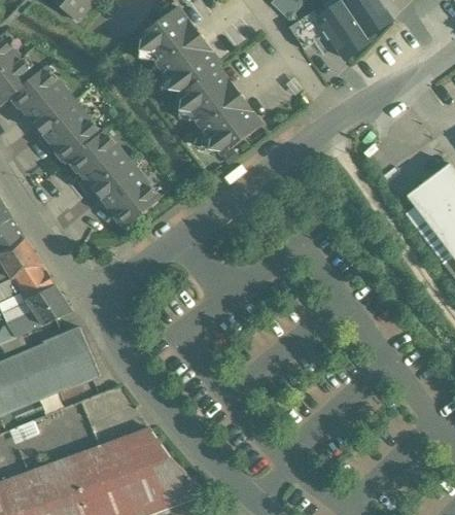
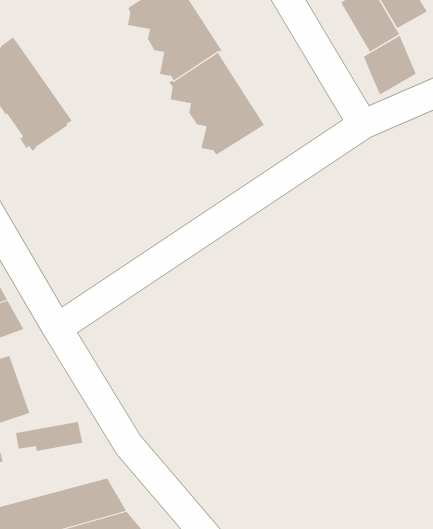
building: none -> [363,35,416,96]
building: [70,131,159,227] -> none
building: [61,327,100,384] -> none

